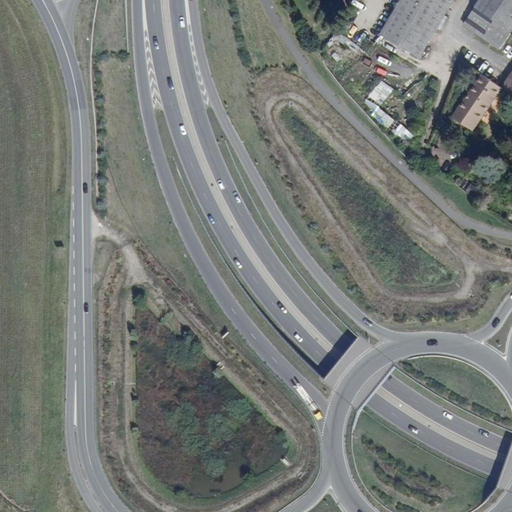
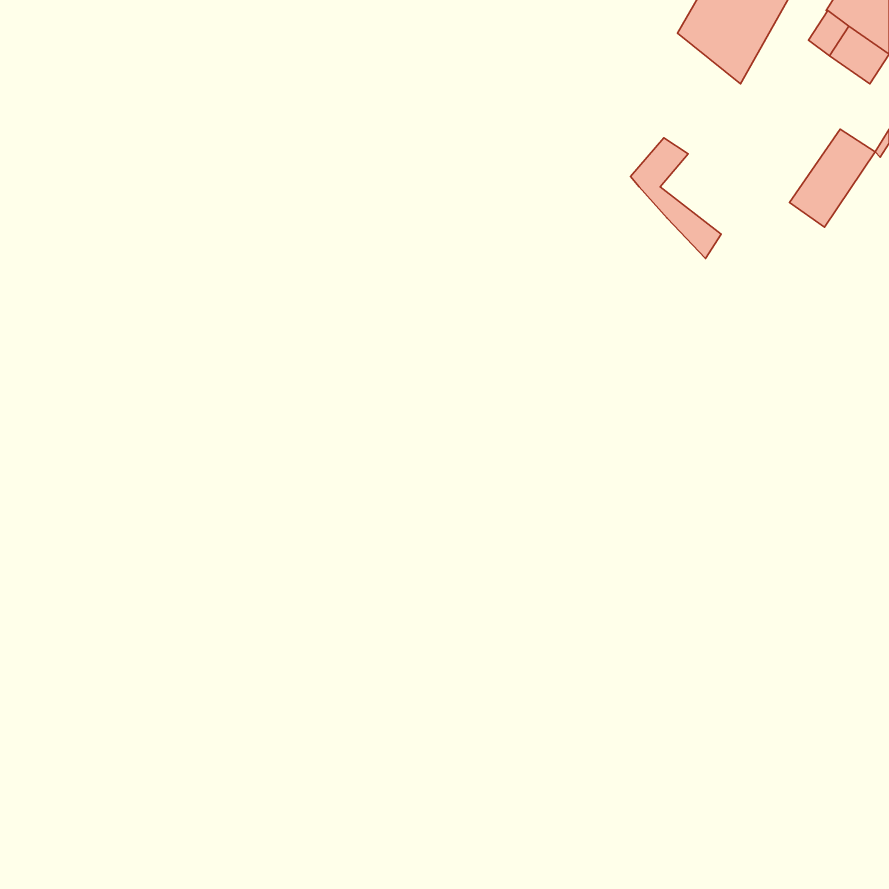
building: [380,19,424,56] -> none

